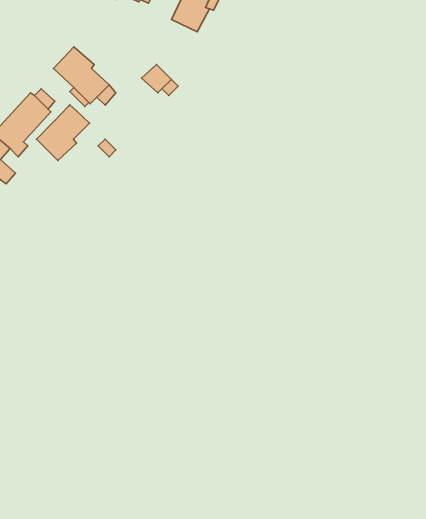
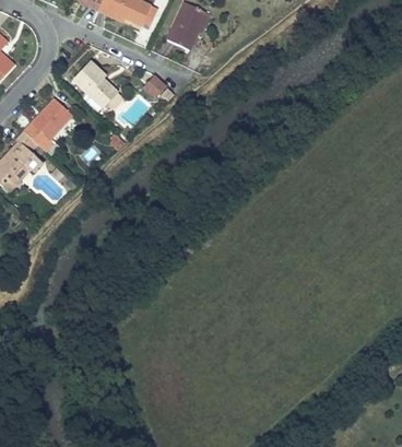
building: [36,105,90,160] -> none

